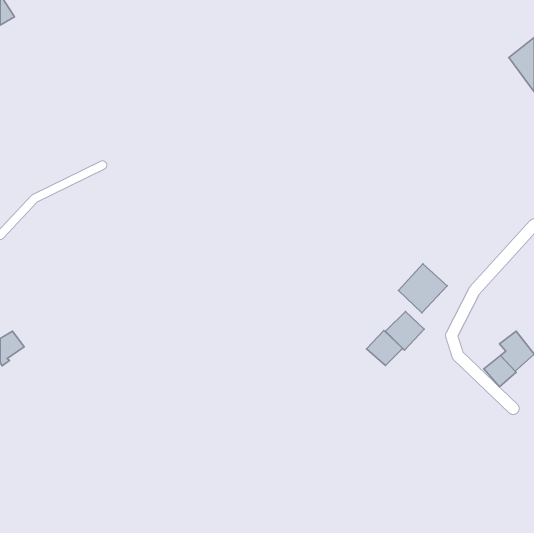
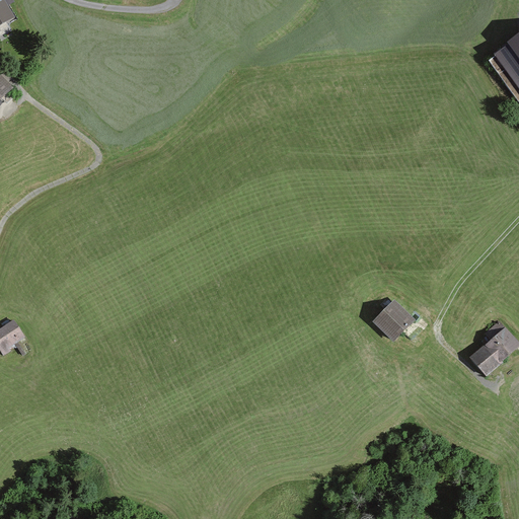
building: [399,264,447,313] -> none
building: [366,331,403,366] -> none

